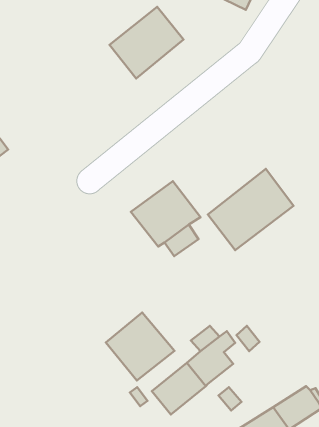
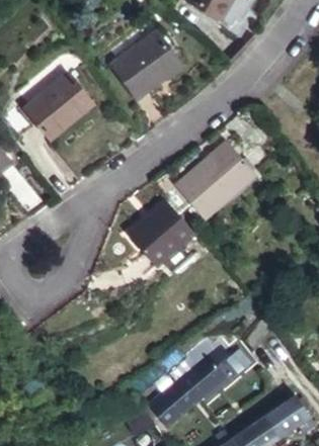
building: none -> [25,81,91,145]
building: [208,169,293,250] -> [180,137,262,214]
building: [106,312,174,381] -> none

